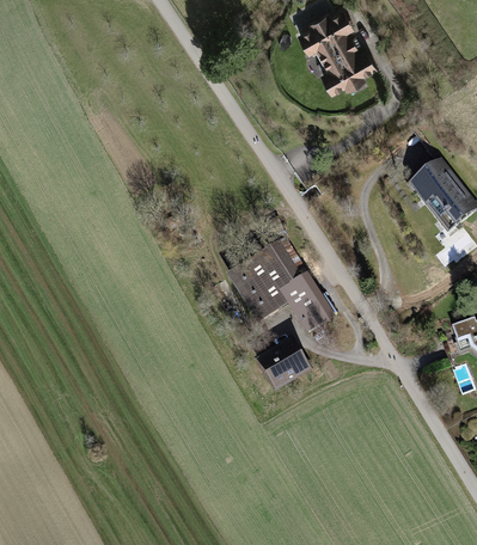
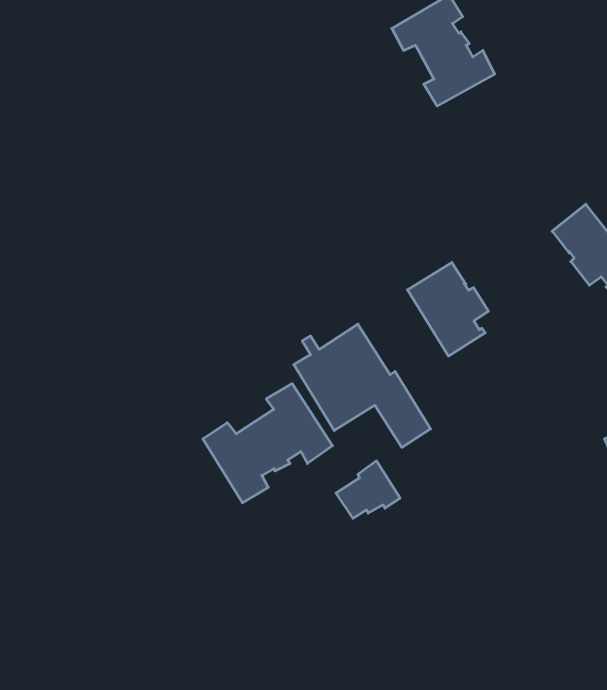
building: none -> [407,262,488,356]
building: none -> [203,384,333,503]

